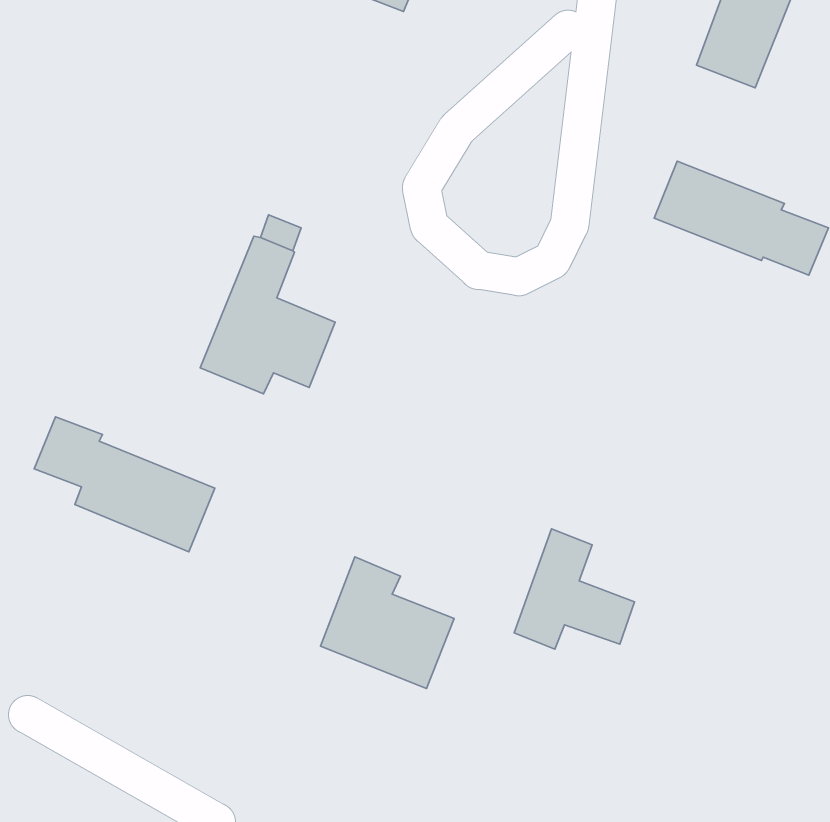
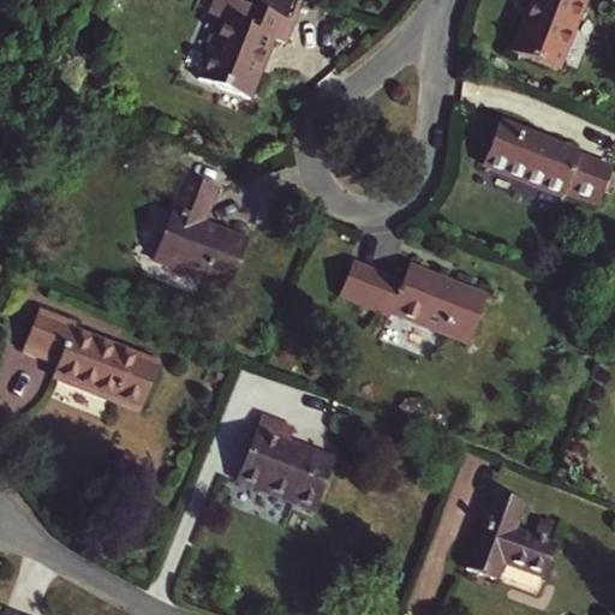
building: none -> [201,5,295,95]
building: none -> [340,258,488,341]
building: [514,529,634,649] -> [467,486,556,575]

